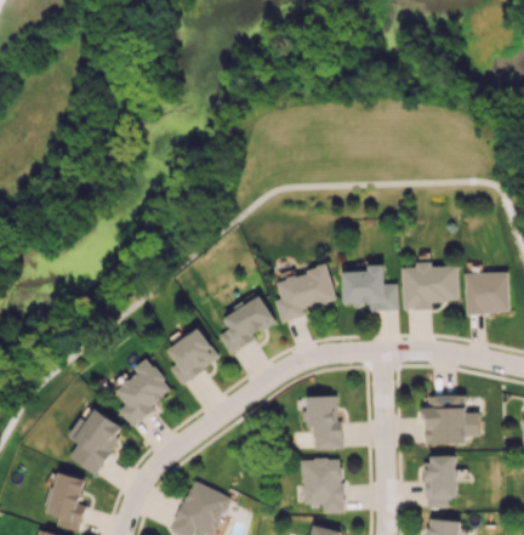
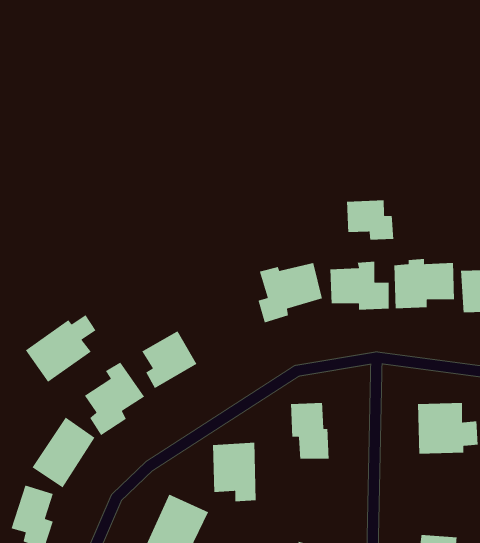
building: none -> [346,199,394,241]
building: [220,297,275,353] -> none
building: none -> [25,314,97,383]
building: [426,455,457,508] -> none
building: [301,457,342,513] -> [212,442,257,502]

